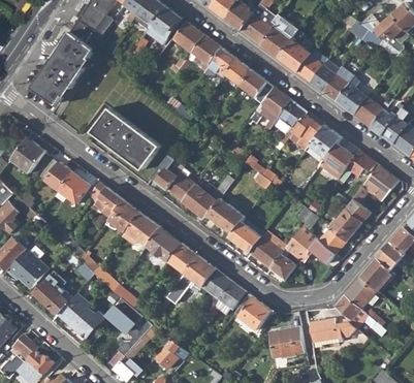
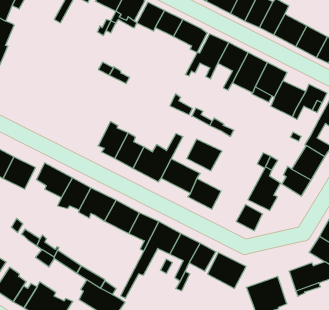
building: [91,107,159,169] -> none
building: [248,235,282,267] -> [187,139,222,171]

